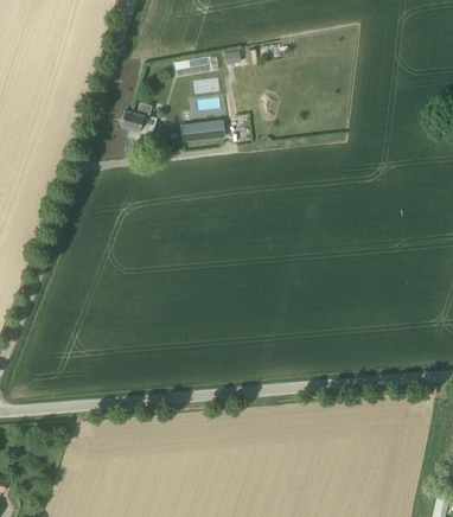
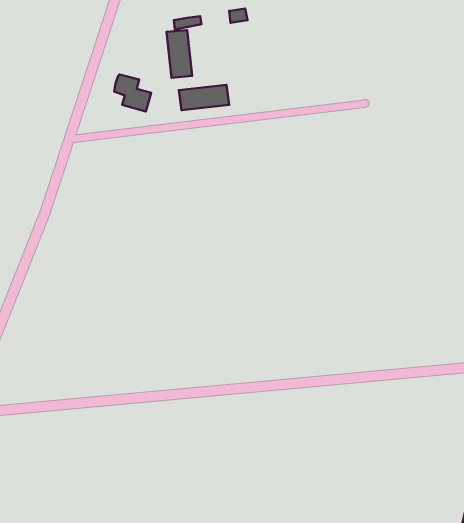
building: none -> [166,30,192,78]

